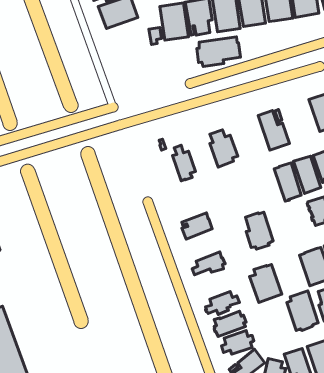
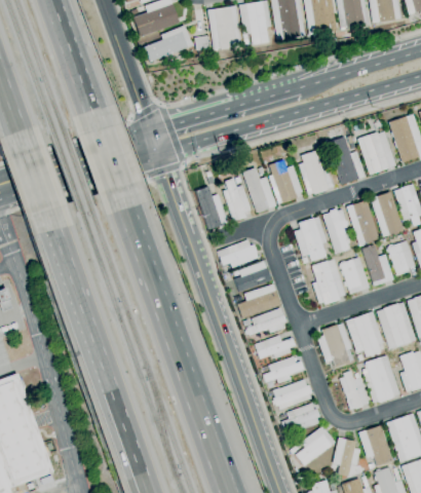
building: none -> [145,26,192,63]
building: [197,37,241,67] -> none
building: none -> [357,131,395,175]
building: none -> [298,151,335,195]
building: none -> [242,167,275,213]
building: none -> [196,187,228,230]
building: none -> [322,208,349,253]
building: none -> [294,217,327,262]
building: none -> [218,240,258,268]
building: none -> [361,245,393,286]
building: none -> [339,253,369,295]
building: none -> [237,285,280,318]
building: none -> [345,312,383,359]
building: none -> [250,336,295,359]
building: none -> [343,371,369,410]

